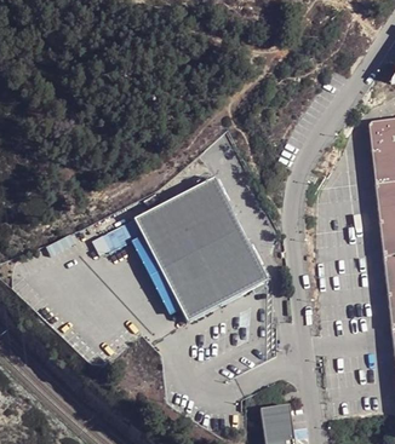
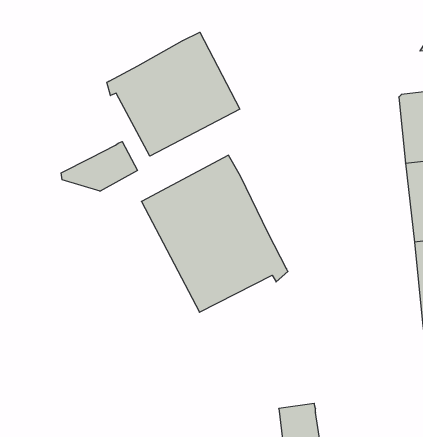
building: none -> [107,32,240,156]
building: none -> [61,142,137,191]

